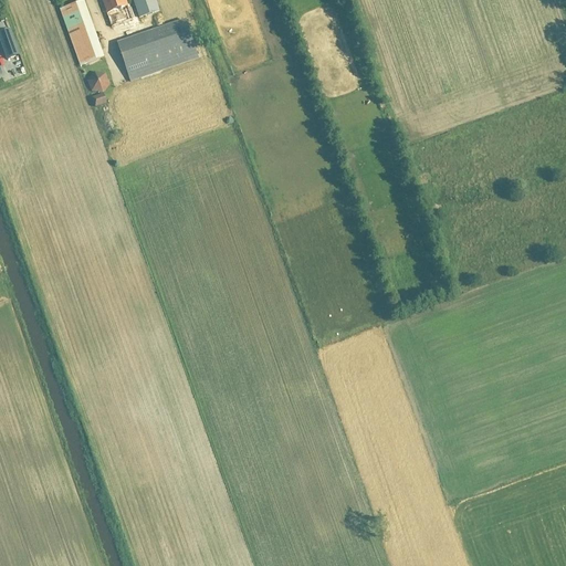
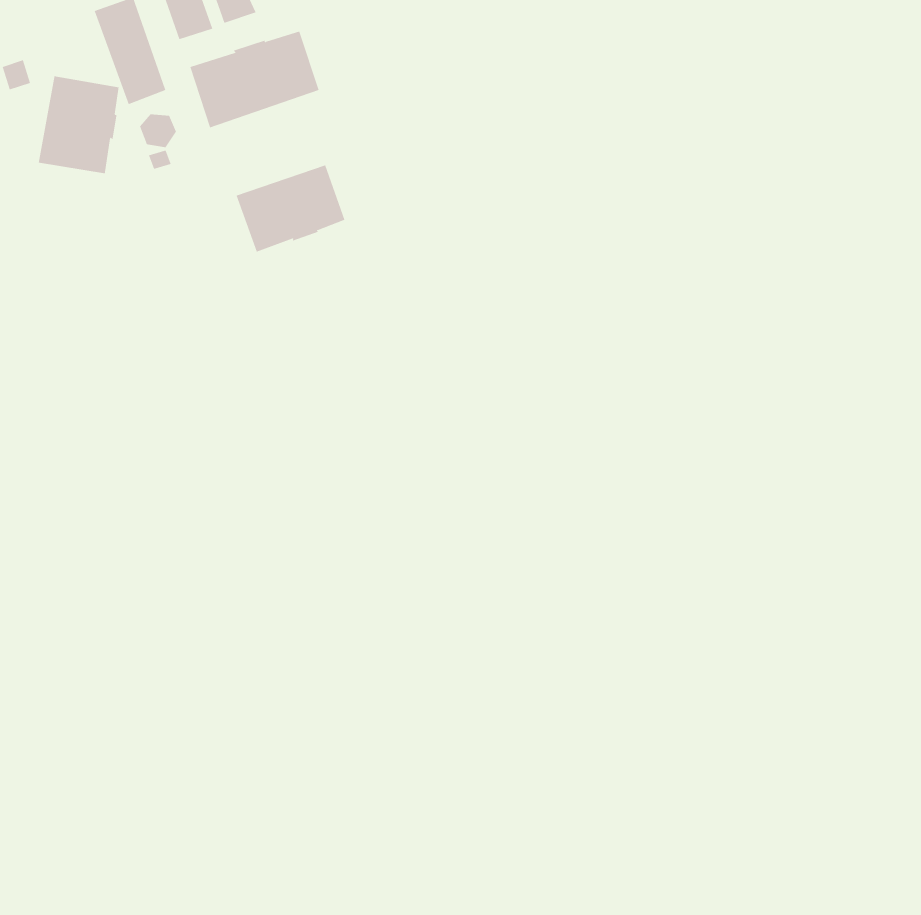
building: none -> [38,76,119,174]
building: none -> [236,164,345,253]

